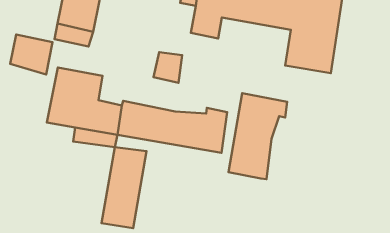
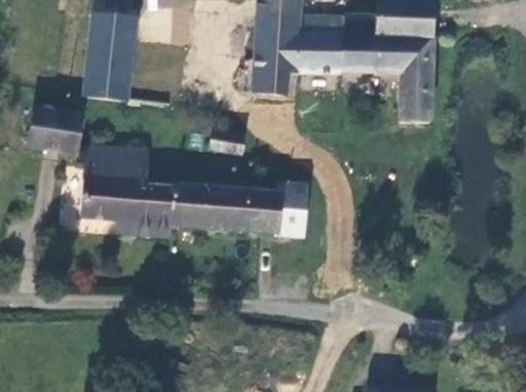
building: [229,93,287,179] -> none
building: [102,147,147,228] -> none

